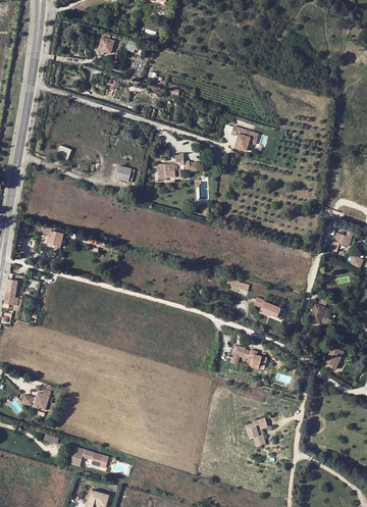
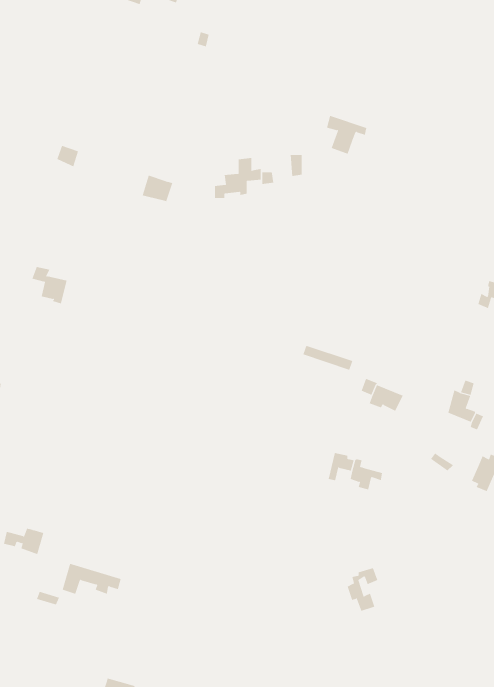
building: [70,446,109,466] -> [62,563,122,595]

